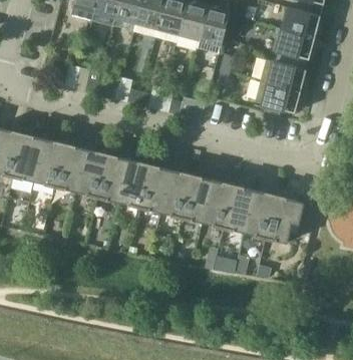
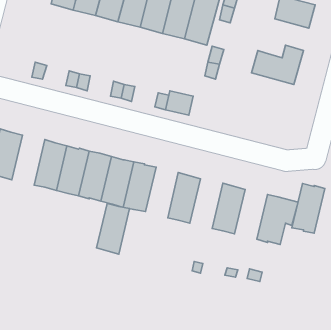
building: [274,29,315,66] -> none
building: [255,80,301,114] -> none
building: [34,139,65,187] -> none
building: [160,169,192,218] -> [97,203,130,254]
building: [203,181,234,228] -> none
building: [245,191,276,238] -> [292,183,325,233]

